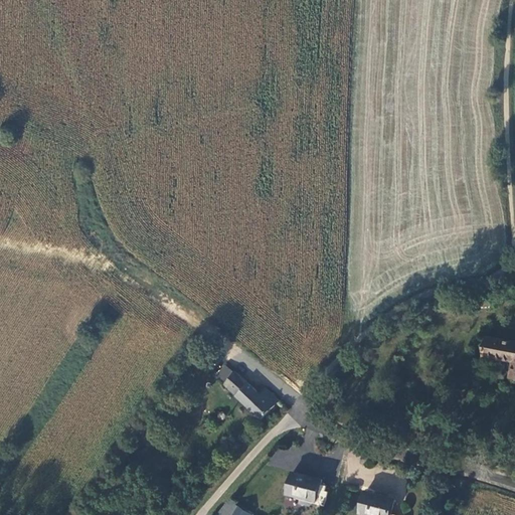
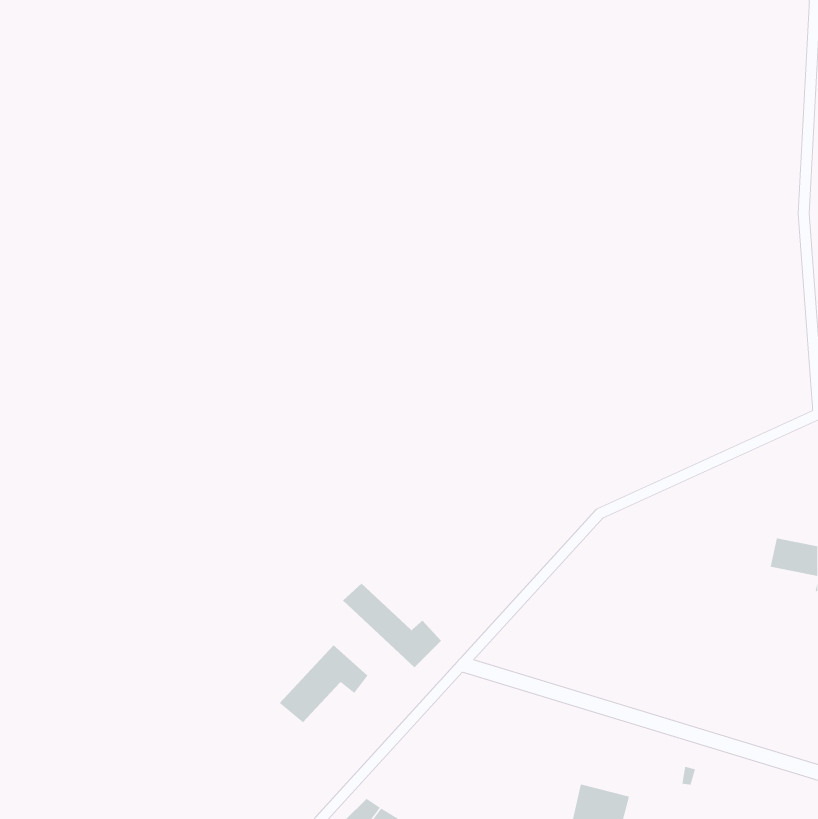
building: none -> [279,645,368,723]
building: [286,474,326,503] -> none

